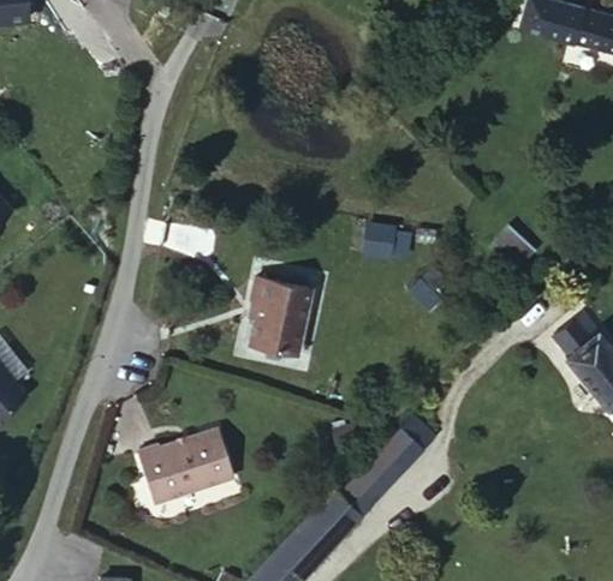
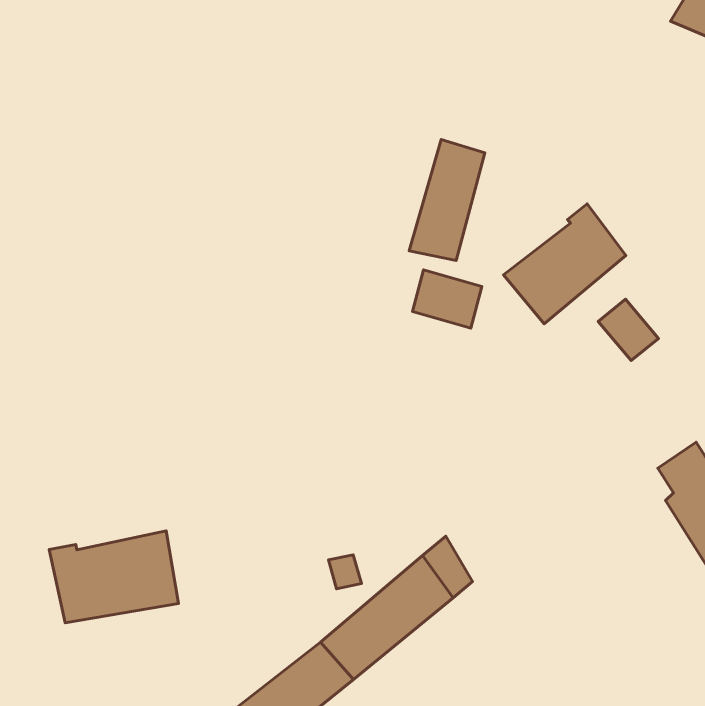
building: none -> [409,139,485,261]
building: none -> [503,204,626,324]
building: [248,281,309,358] -> none

